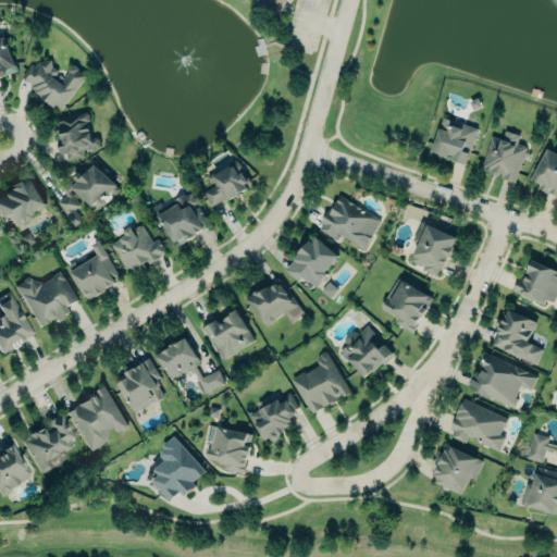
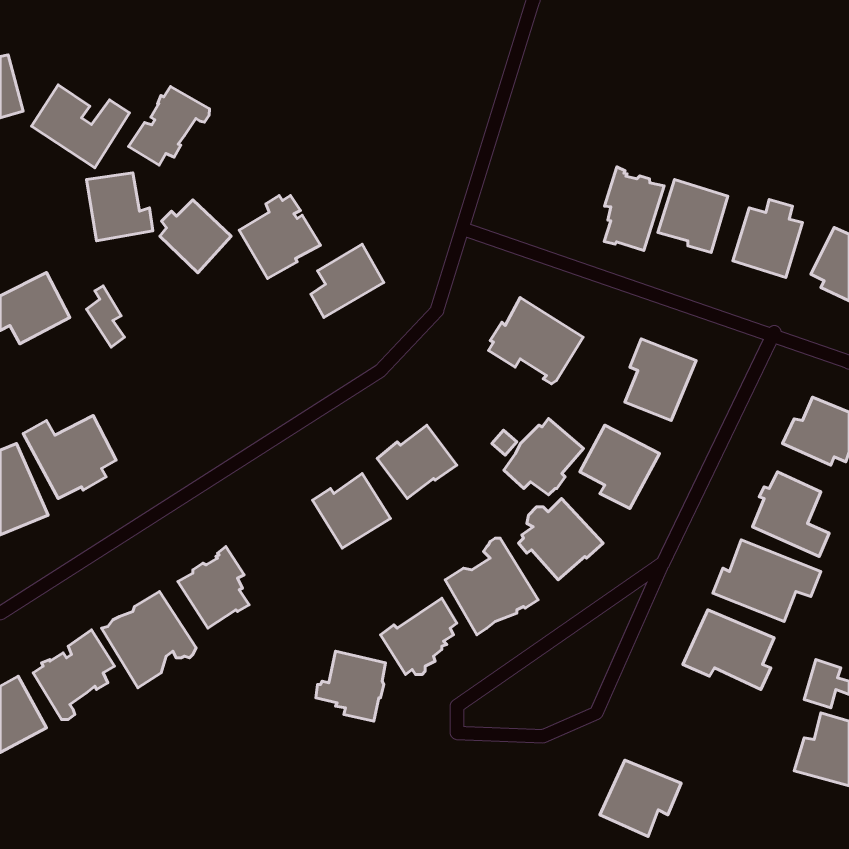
building: none -> [128,87,210,165]
building: none -> [604,167,664,250]
building: [72,164,119,212] -> [160,200,231,273]
building: [158,194,211,248] -> [239,195,321,278]
building: [113,225,165,272] -> none
building: [287,237,339,287] -> [504,419,584,495]
building: [69,240,121,299] -> none
building: [156,339,224,394] -> none
building: [146,437,206,504] -> none
building: [430,445,483,495] -> [600,760,681,836]

